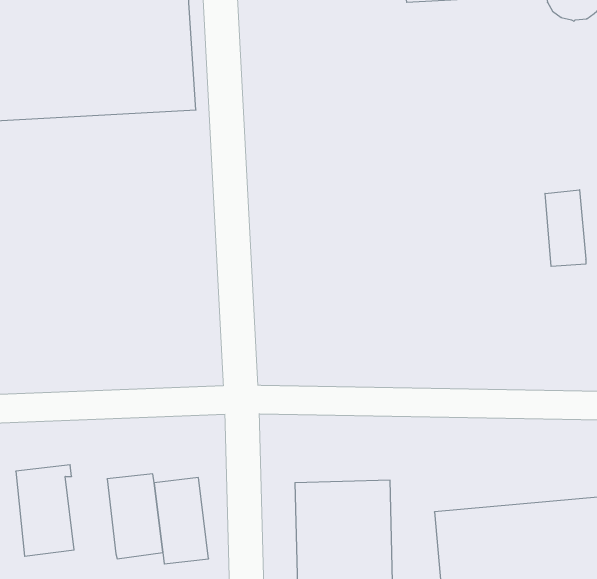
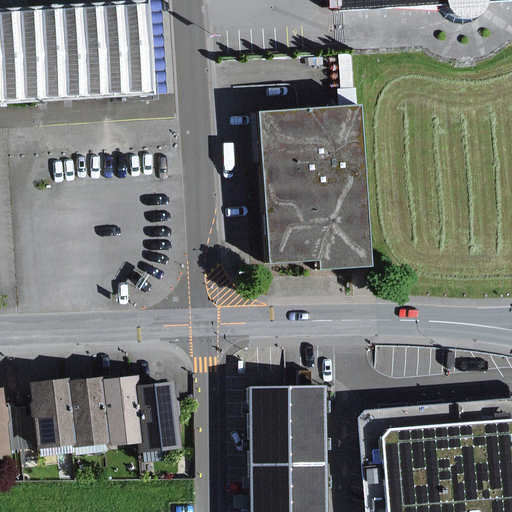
building: none -> [253,101,373,274]
building: [545,190,586,266] -> none
building: none -> [66,380,106,449]

